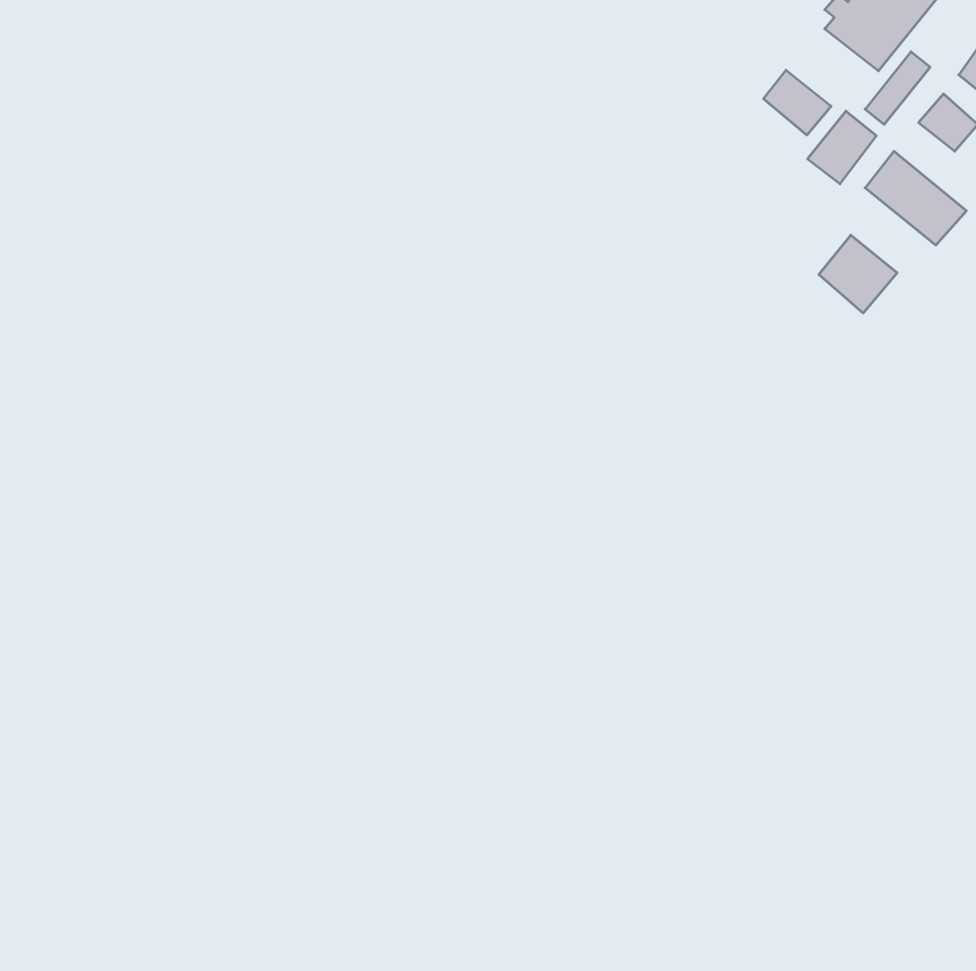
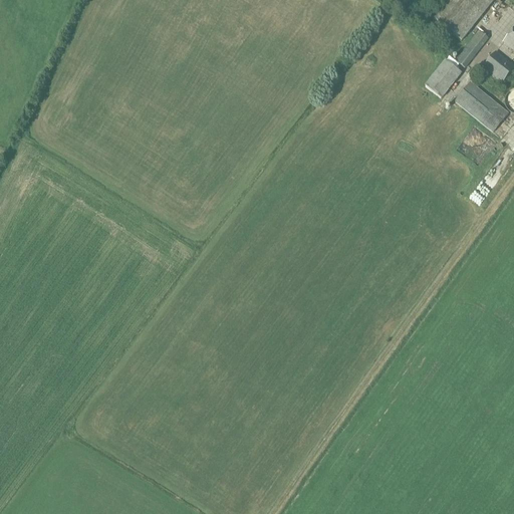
building: [764,70,831,135] -> none
building: [819,235,897,313] -> none

